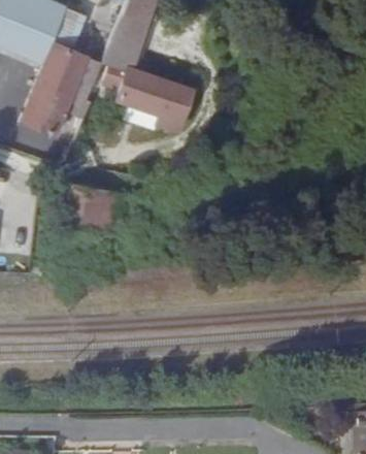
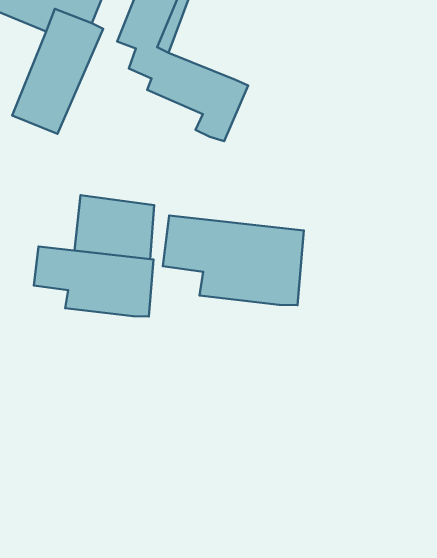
building: none -> [163,215,304,305]
building: none -> [34,246,154,317]

